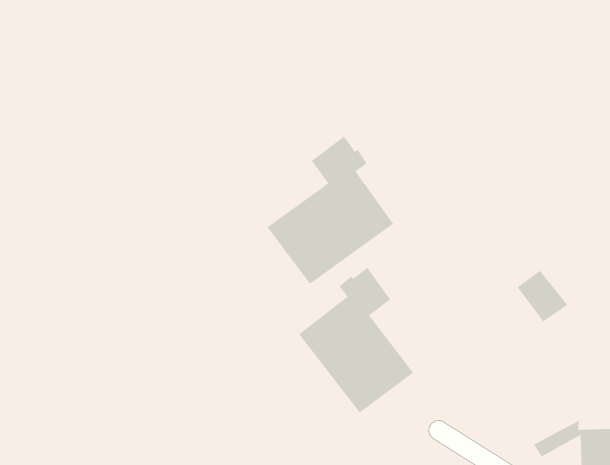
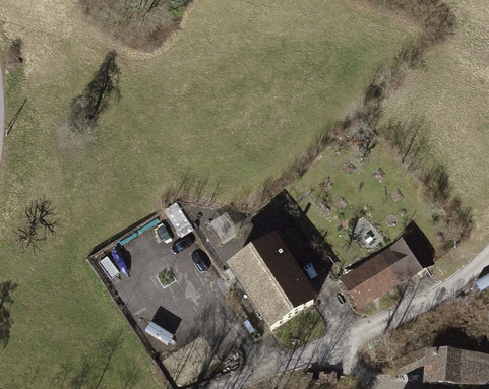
building: [267,135,394,285] -> none
building: none -> [346,245,410,303]

